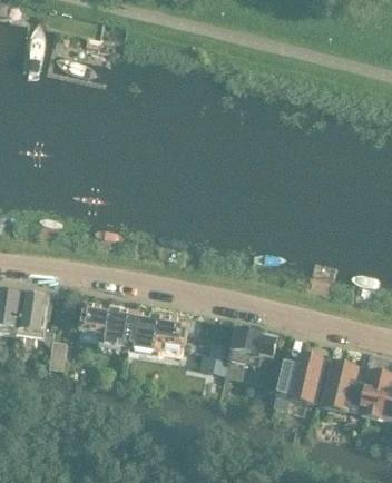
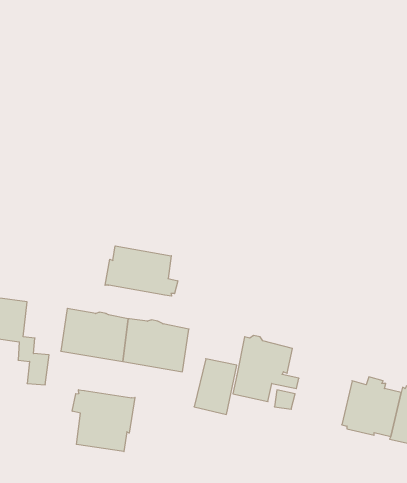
building: none -> [105,246,178,296]
building: [275,352,326,403] -> none
building: none -> [72,390,135,452]

